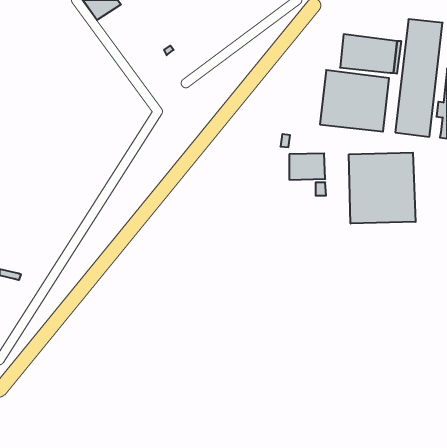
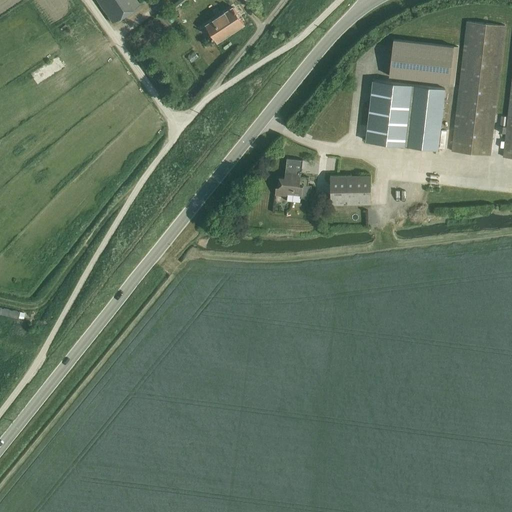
building: none -> [205,7,244,42]
building: none -> [274,158,310,202]
building: [349,153,416,224] -> none

